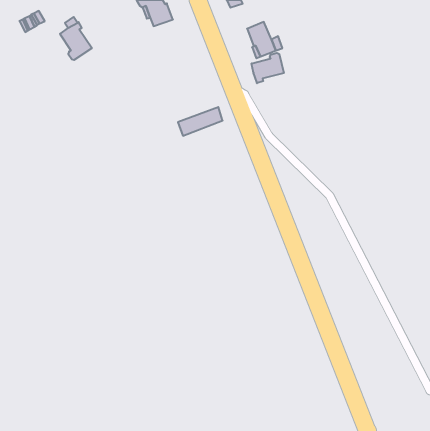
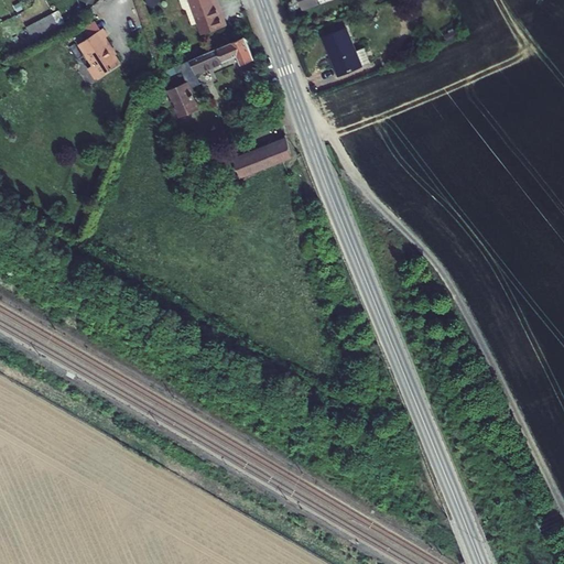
building: none -> [167,36,253,117]
building: [252,53,284,83] -> none

